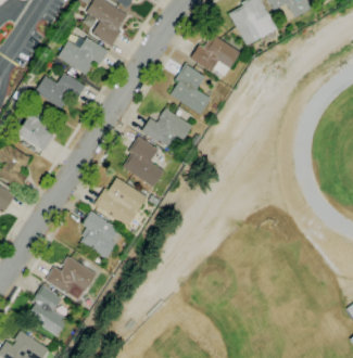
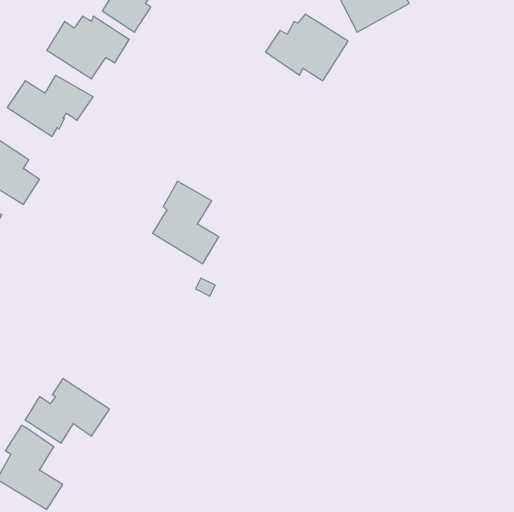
building: [169,62,211,115] -> none
building: [140,107,191,152] -> none
building: [93,177,147,227] -> none
building: [77,210,122,260] -> none

